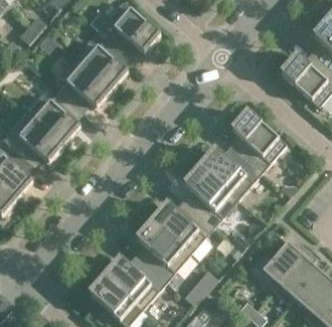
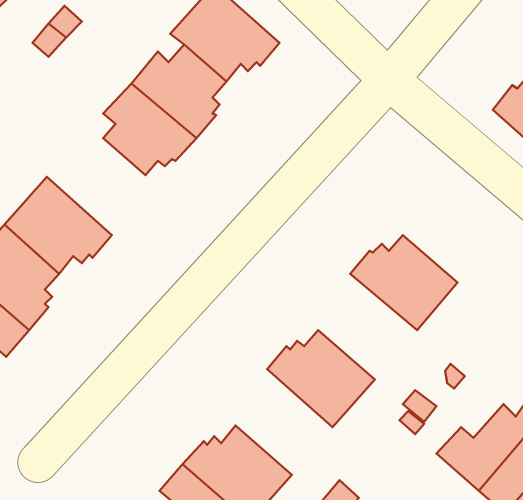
building: [27,89,84,144] -> none
building: [230,111,287,171] -> none
building: [182,166,238,226] -> none
building: [135,220,190,281] -> none

